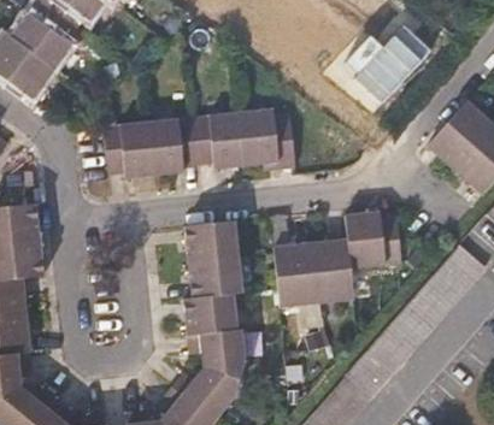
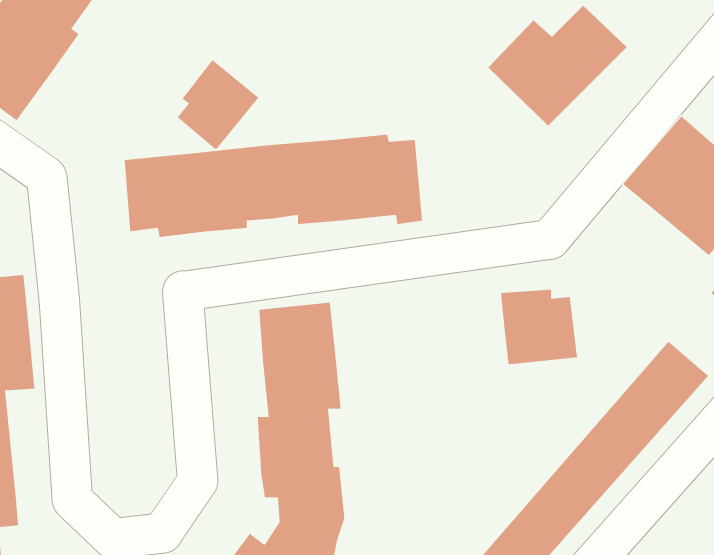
building: none -> [177,59,259,151]
building: [277,237,355,303] -> none

